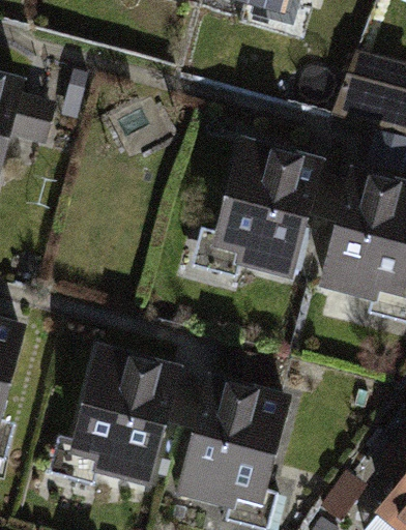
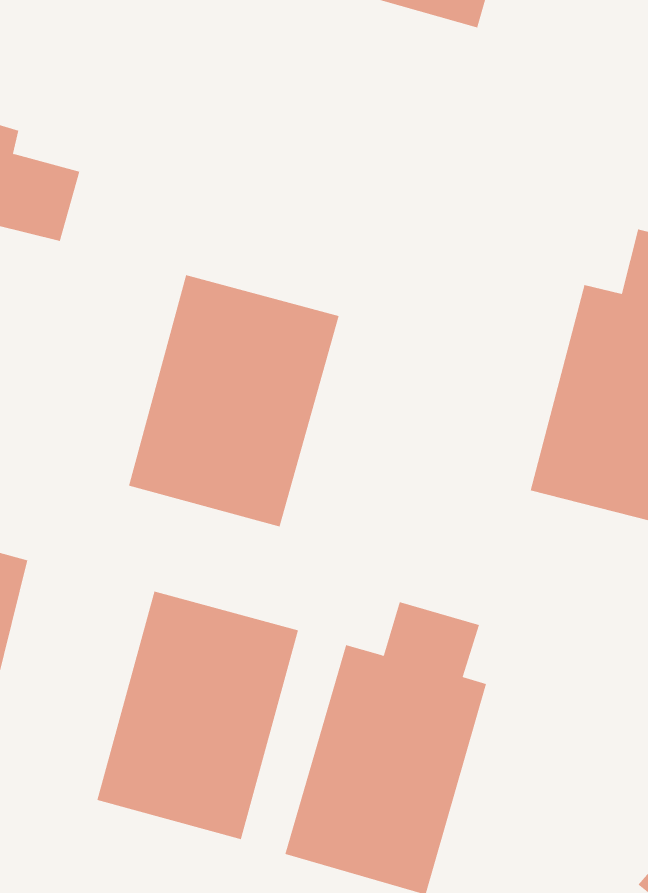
building: [204,138,326,284] -> [128,274,339,527]

